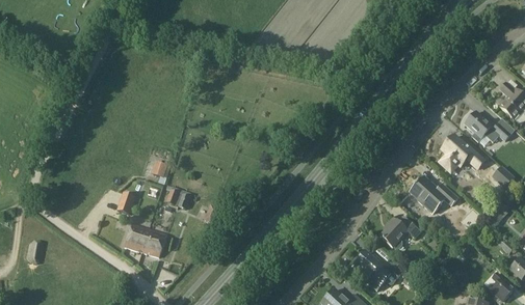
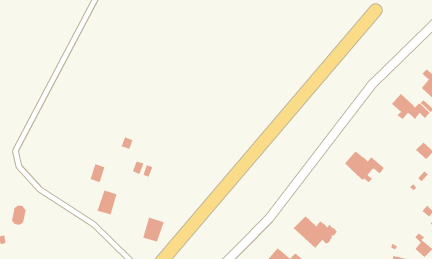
building: [440,134,485,169] -> none
building: [380,214,421,248] -> none
building: [141,226,167,256] -> [142,216,165,243]

